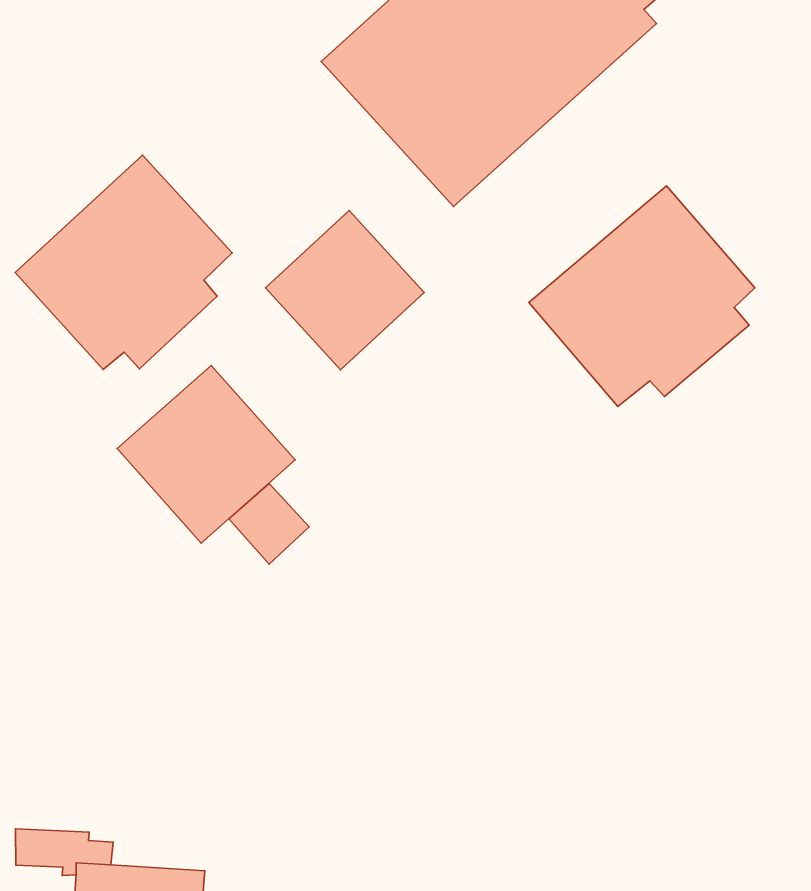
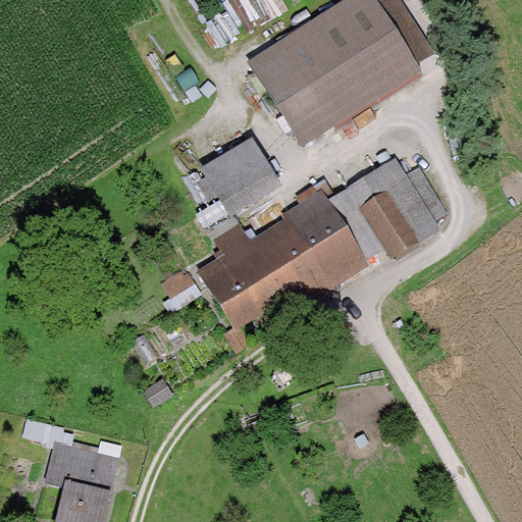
building: [15,155,232,370] -> none
building: none -> [199,189,371,330]
building: [117,366,295,543] -> none

